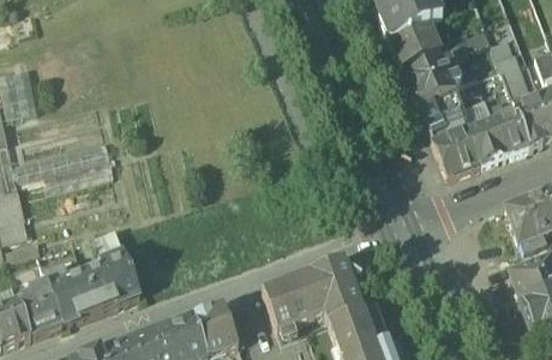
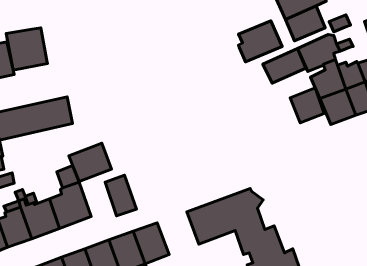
building: none -> [239,21,282,62]
building: none -> [6,28,48,70]
building: none -> [263,48,306,83]
building: none -> [290,88,324,123]
building: none -> [69,143,112,181]
building: none -> [105,175,136,216]

